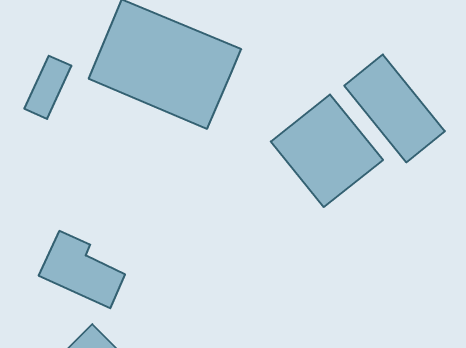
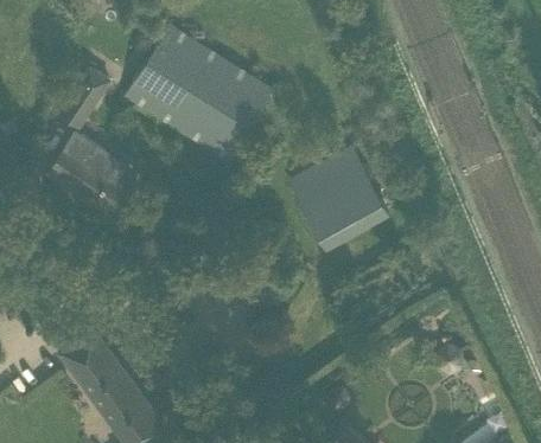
building: [344,54,445,162] -> none
building: [39,231,125,308] -> [49,133,131,213]

